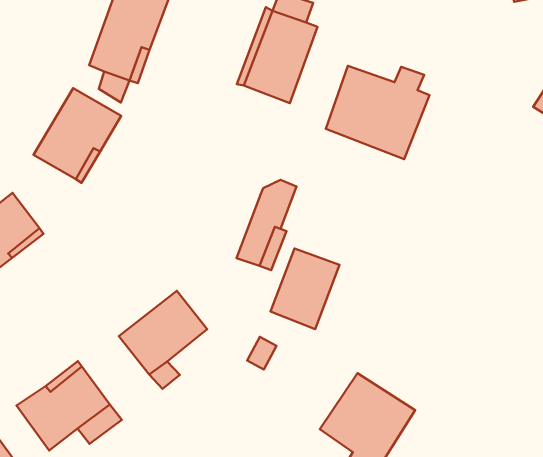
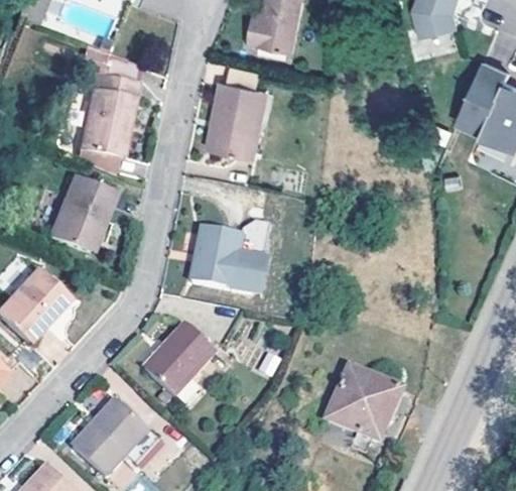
building: [326,66,429,159] -> none
building: [270,248,340,329] -> [191,226,242,289]

